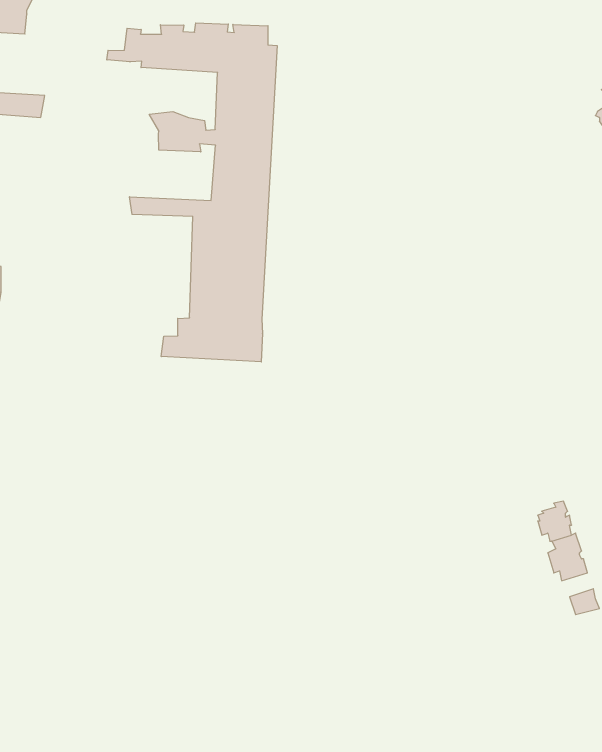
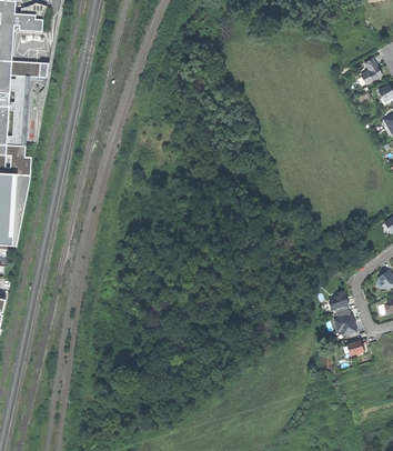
building: [107,23,277,362] -> none

